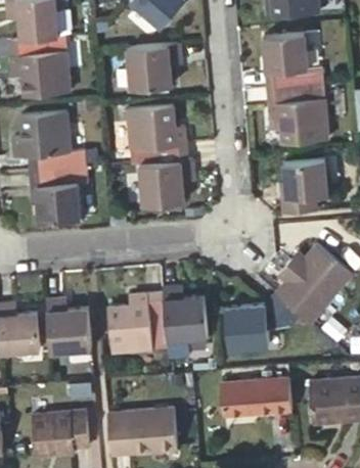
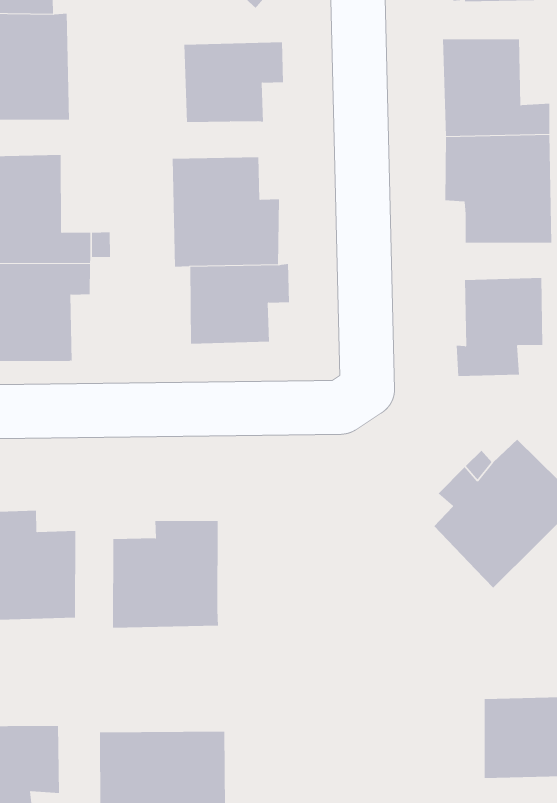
building: [162,286,208,344] -> none
building: [224,292,300,348] -> none
building: [221,378,291,415] -> none

